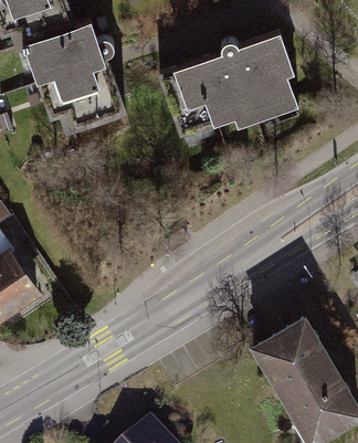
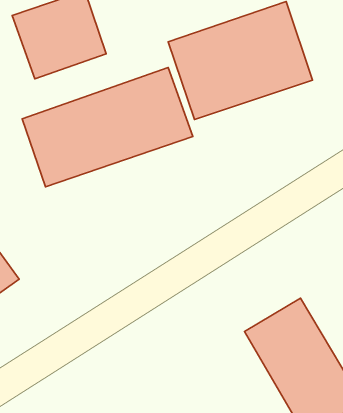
building: none -> [22,68,193,187]

